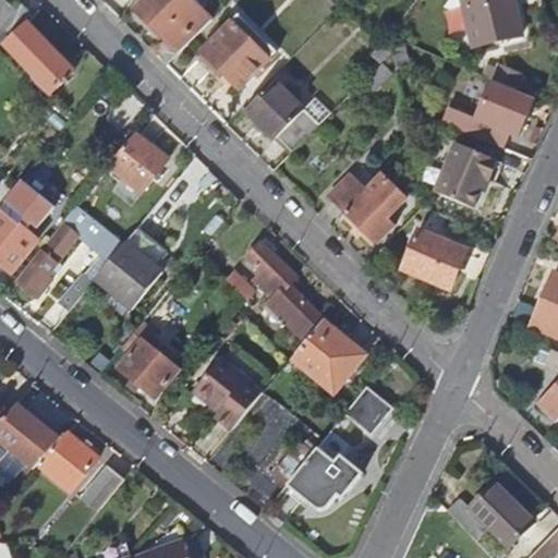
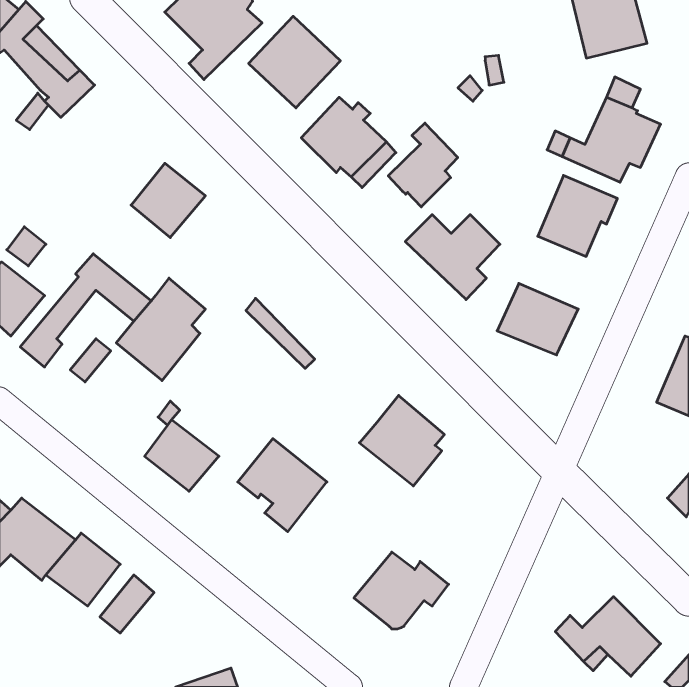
building: none -> [388,123,458,207]
building: [246,244,322,341] -> none
building: [342,386,390,435] -> none

